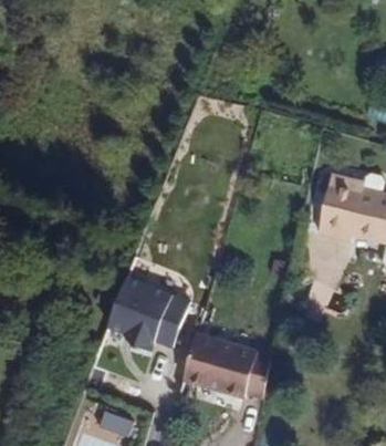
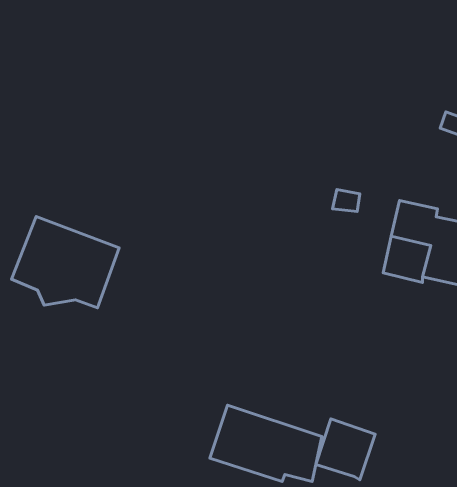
building: [104,274,191,349] -> [12,217,119,308]
building: none -> [316,419,375,480]

